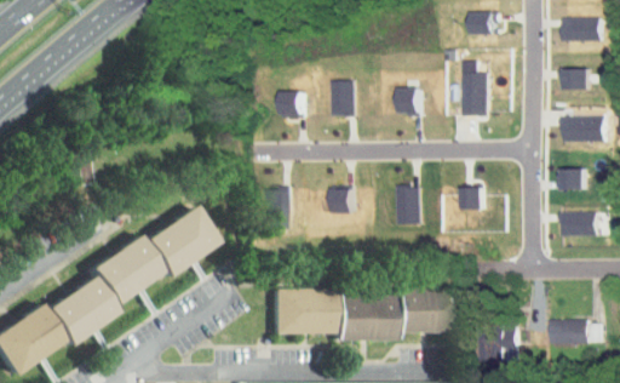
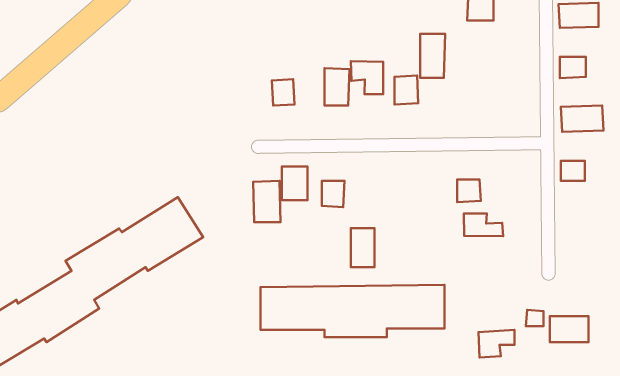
building: [464,73,488,115] -> [420,34,445,78]
building: none -> [351,61,383,94]
building: none -> [282,166,308,200]
building: [395,187,418,224] -> [351,228,375,267]
building: [561,212,596,236] -> none
building: none -> [464,214,503,236]

